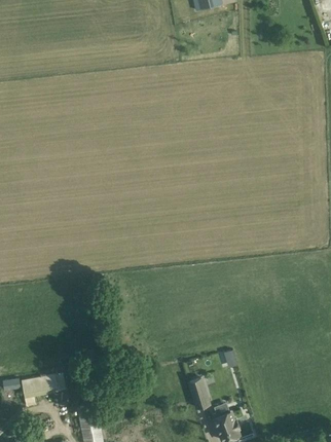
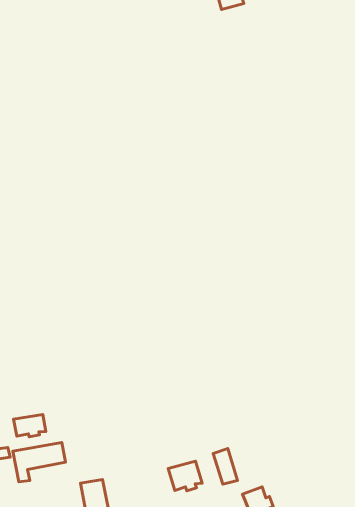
building: none -> [14,414,46,437]
building: none -> [168,461,202,491]

